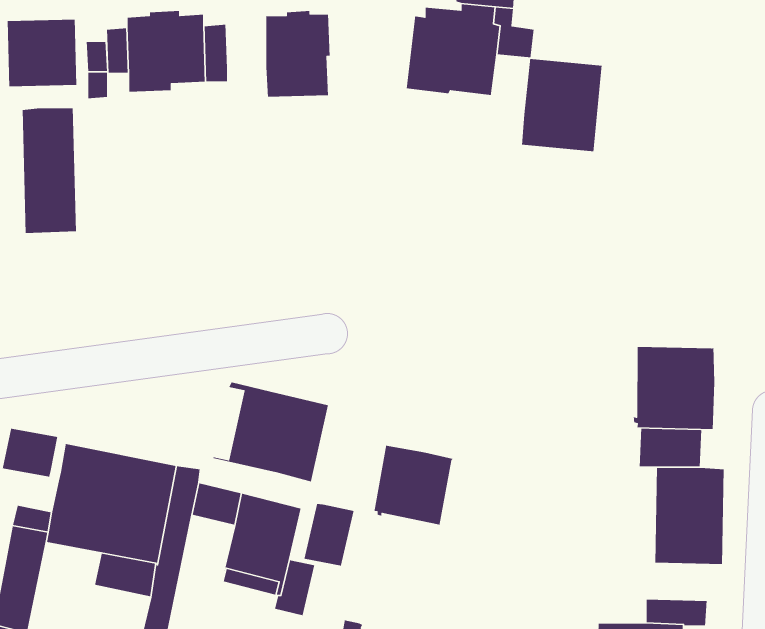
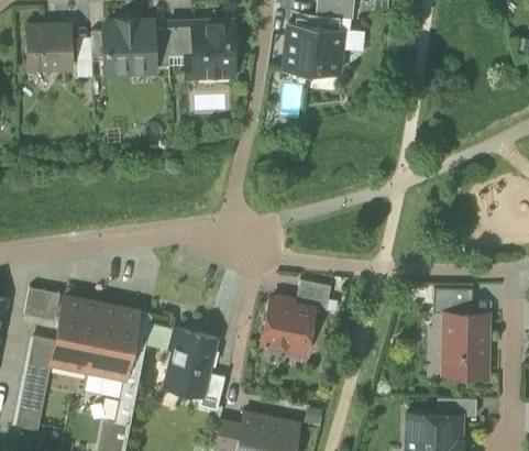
building: none -> [167,23,192,57]
building: [521,58,602,152] -> none
building: [22,107,77,234] -> none
building: [633,346,715,430] -> none
building: [212,382,329,482] -> none
building: none -> [295,280,331,311]
building: [304,503,355,566] -> none

